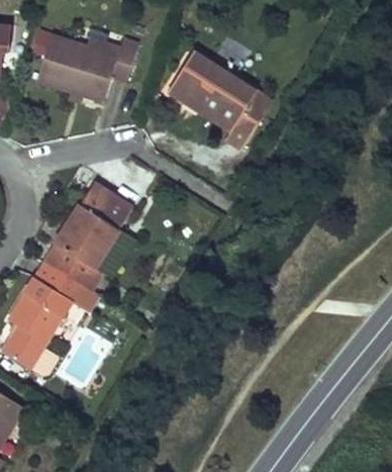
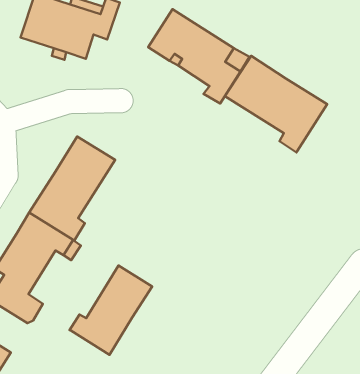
building: none -> [225,56,327,152]
building: none -> [70,265,152,355]

